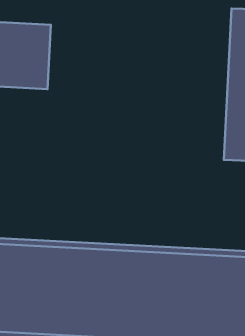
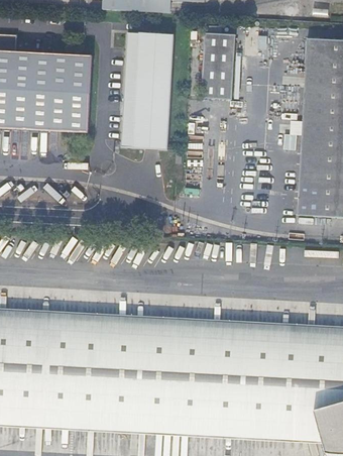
building: none -> [203,32,236,99]
building: none -> [123,33,176,149]

